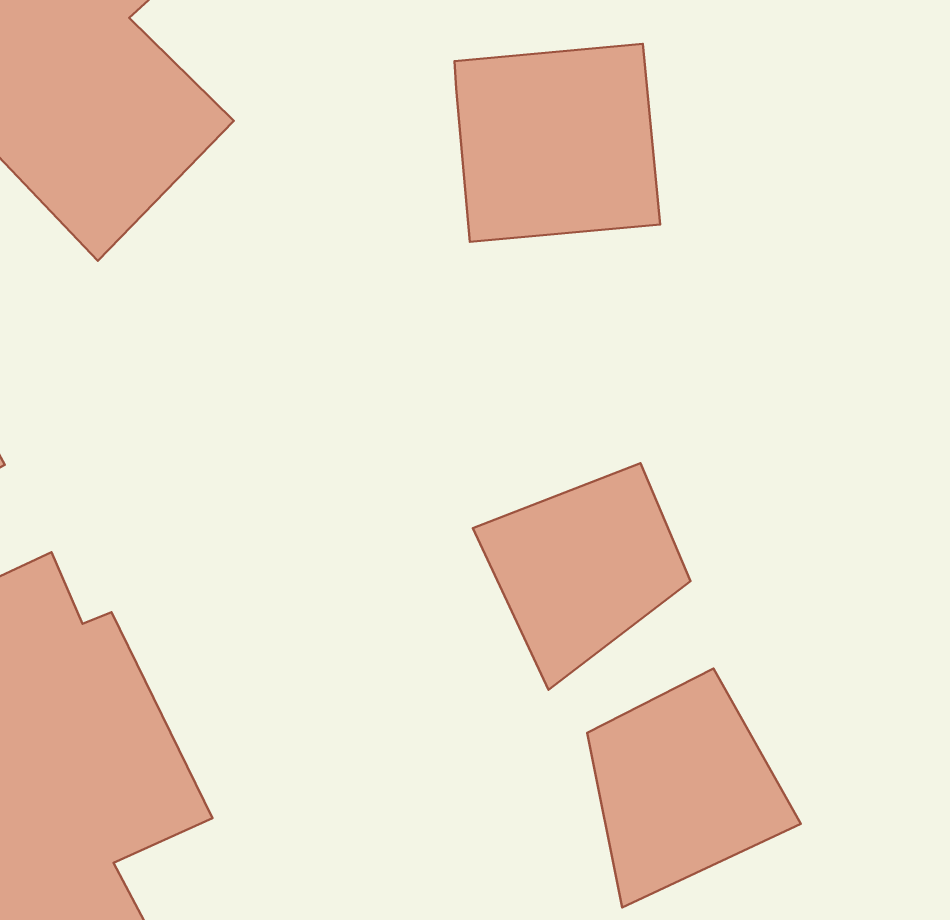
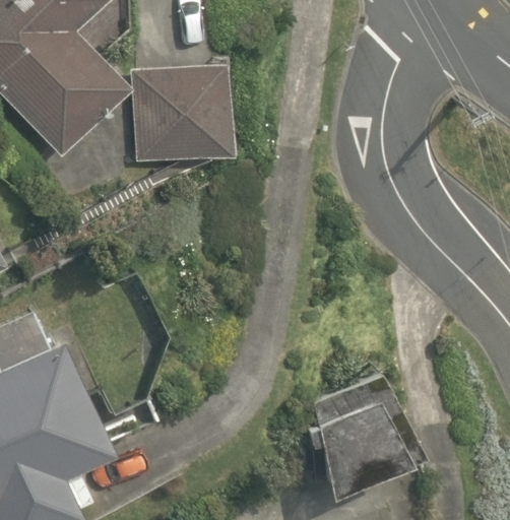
building: [454,44,660,242] -> [128,63,236,167]
building: [473,463,690,690] -> none

